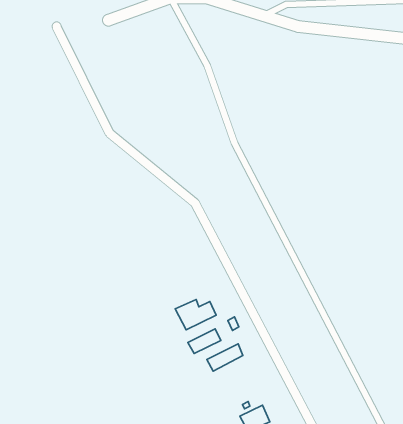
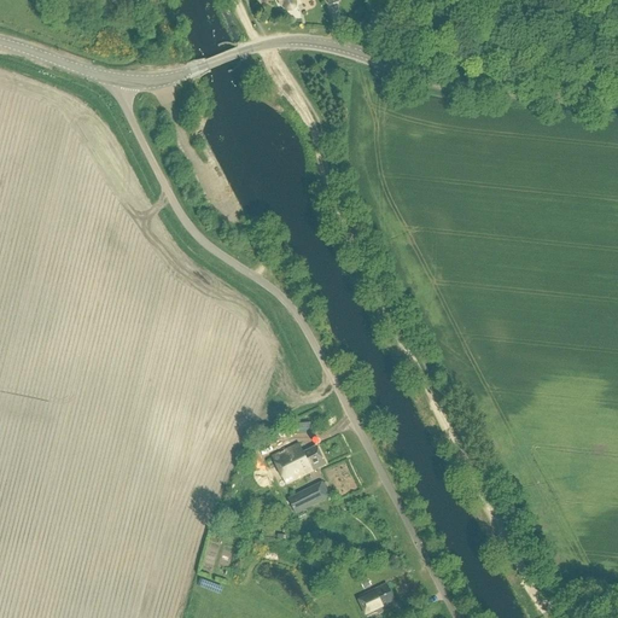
building: [207,344,243,371] -> none

